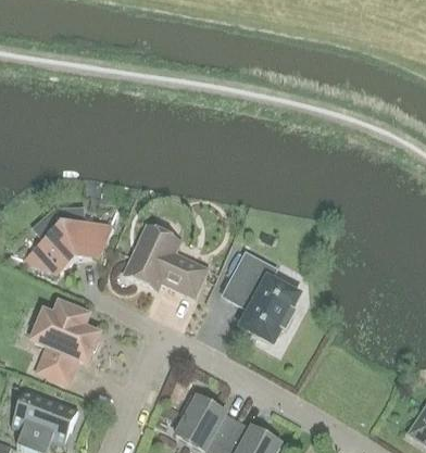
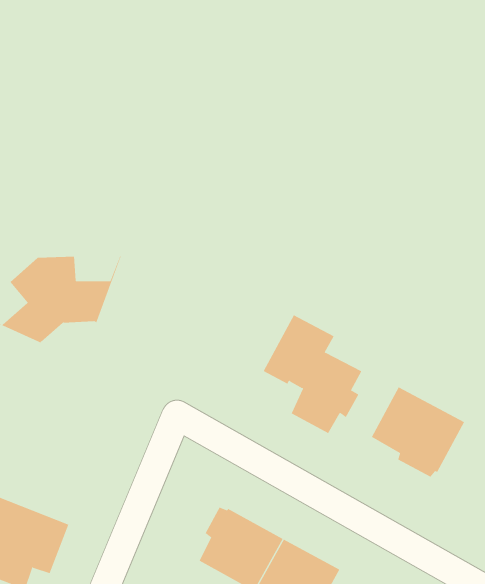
building: [125,224,208,295] -> none
building: none -> [371,386,465,478]
building: [34,305,99,379] -> none

